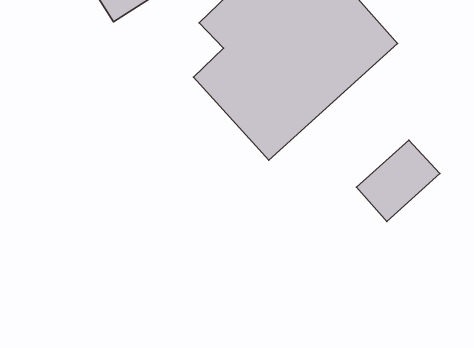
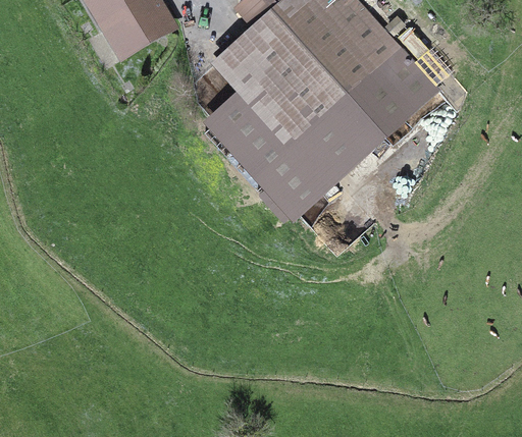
building: [356,140,440,221] -> none

